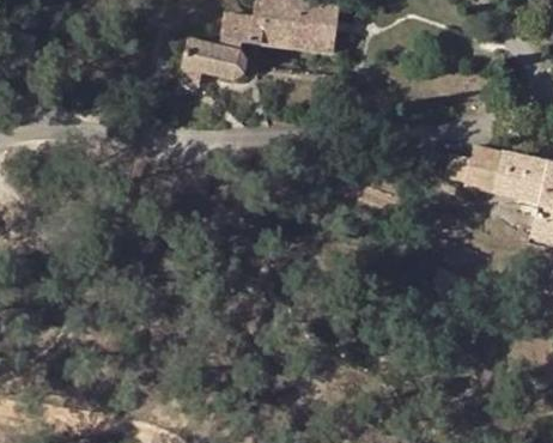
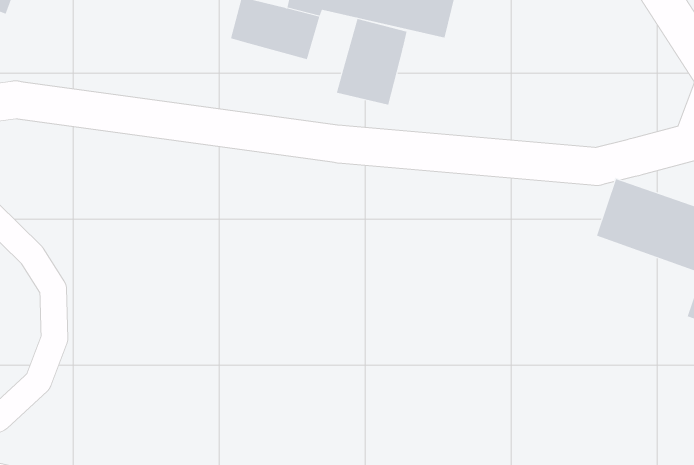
building: none -> [336,18,407,106]

